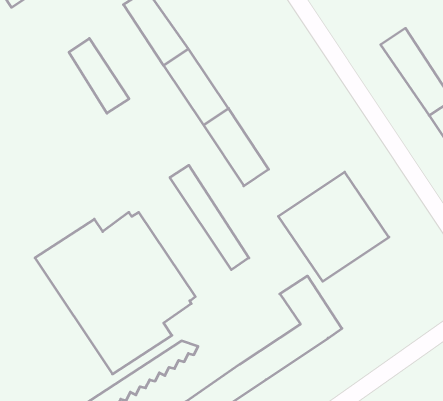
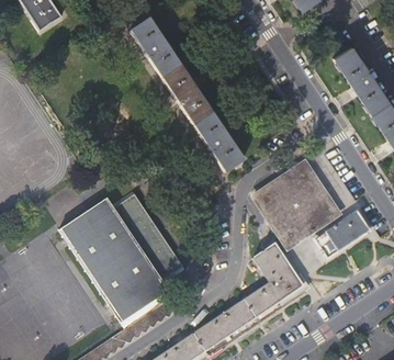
building: [69,38,129,113] -> none
building: [170,165,249,270] -> none
building: none -> [316,212,369,257]

